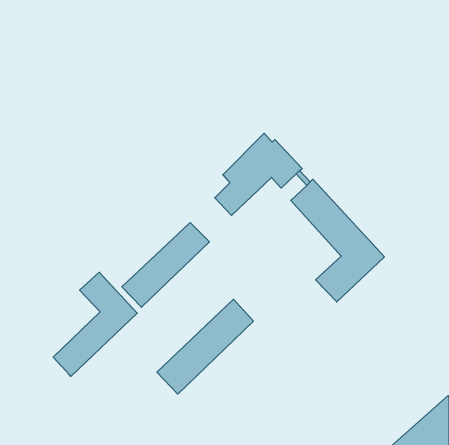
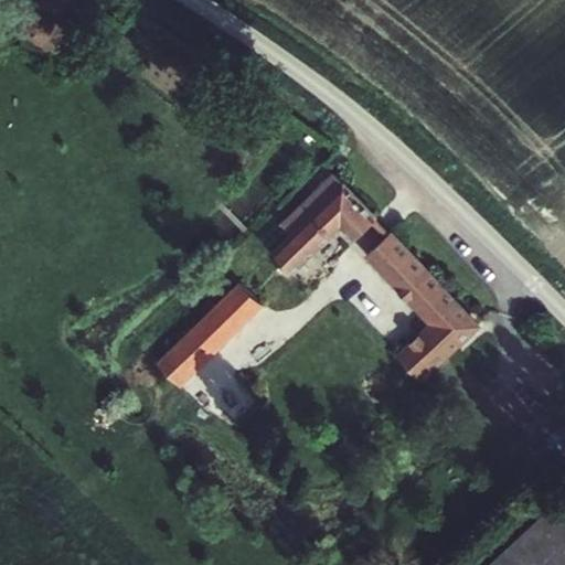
building: [53,272,137,376] -> none
building: [157,299,253,394] -> none

